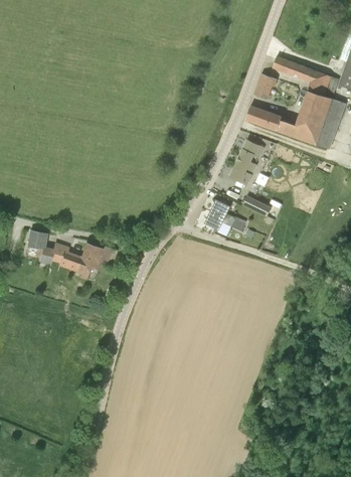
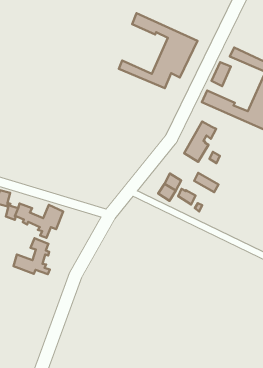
building: none -> [119,13,197,88]
building: none -> [14,238,50,274]

